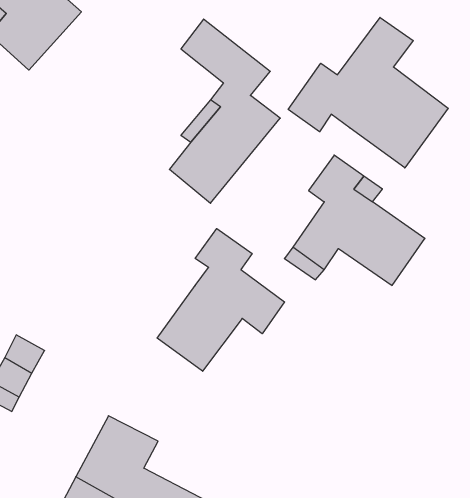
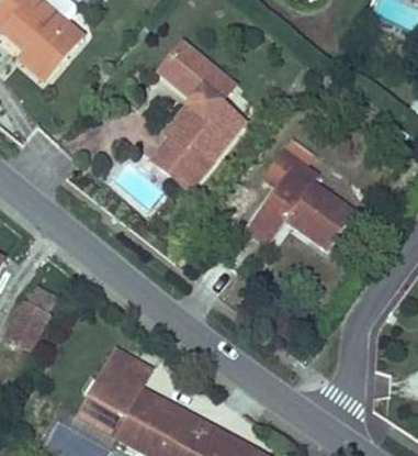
building: [288,17,448,168] -> none
building: [157,229,285,371] -> none

